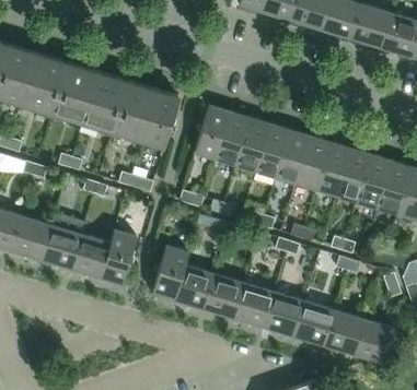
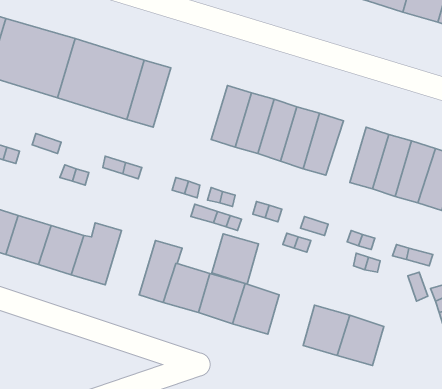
building: [194,106,228,158] -> none
building: [313,142,348,196] -> none
building: [263,293,303,336] -> [212,234,258,284]
building: [354,320,395,364] -> none

